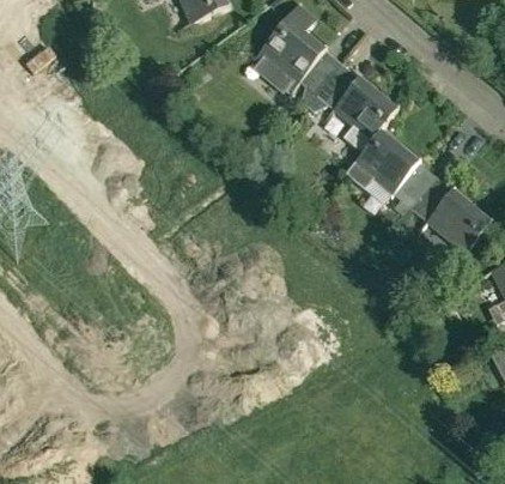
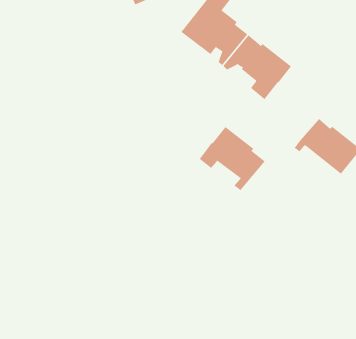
building: [347,129,437,217] -> [199,126,266,191]

